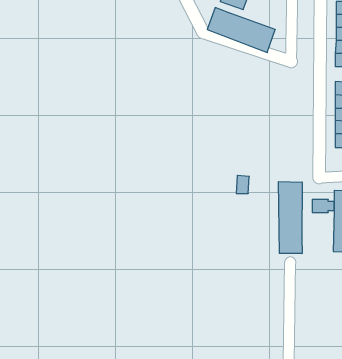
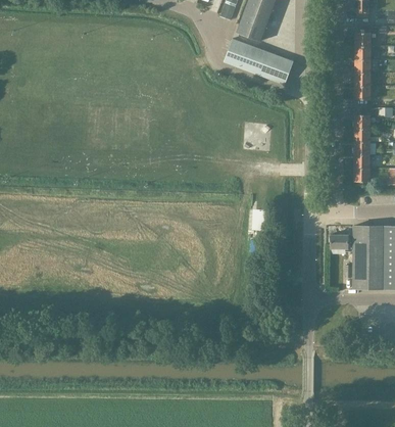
building: [278,182,302,254] -> none

